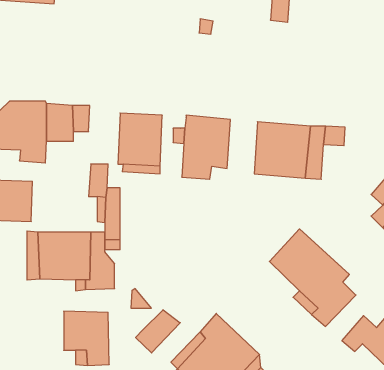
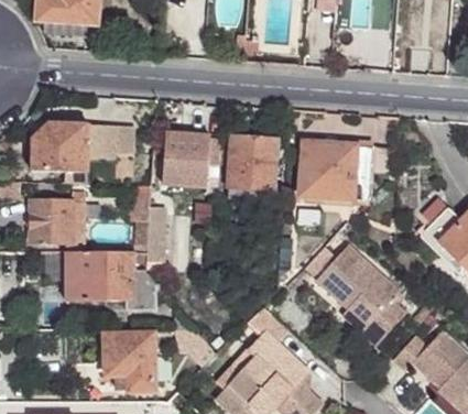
building: [136,310,180,353] -> none

